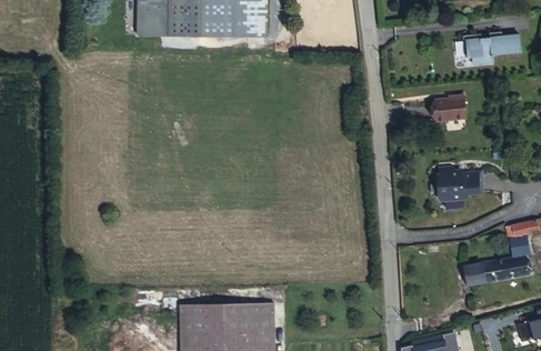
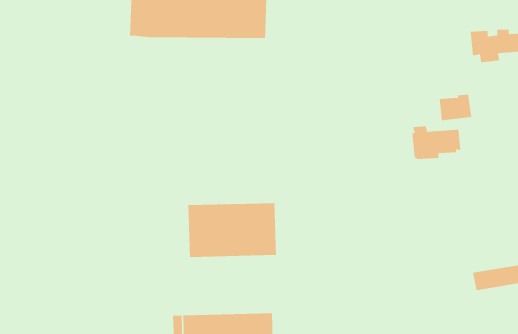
building: [434,166,482,198] -> [411,126,461,159]
building: none -> [188,202,277,258]

